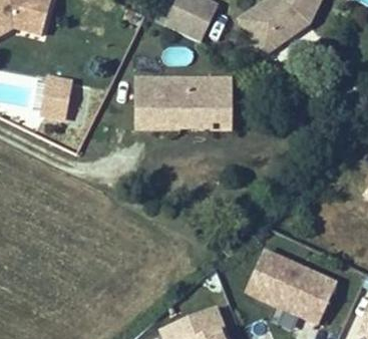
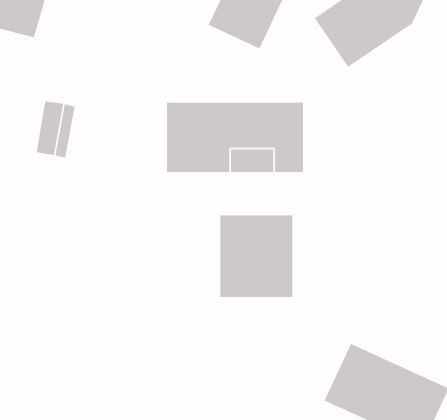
building: none -> [220,215,293,298]

